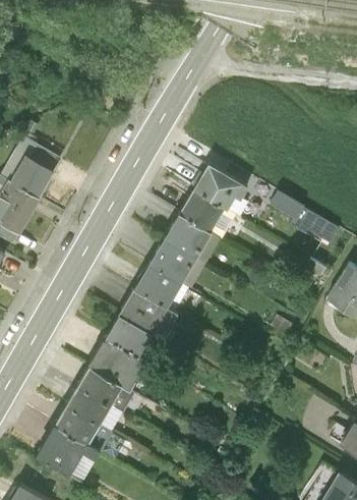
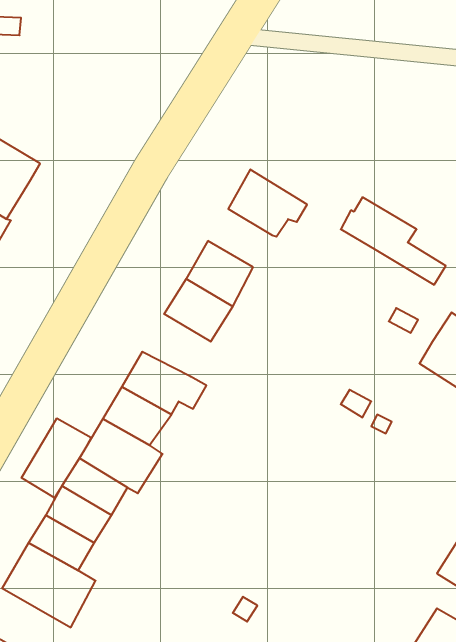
building: [178,192,223,233] -> none
building: [132,266,180,310] -> none
building: none -> [22,418,91,498]

